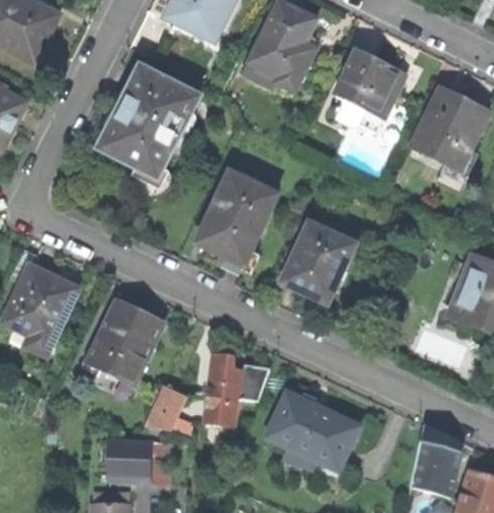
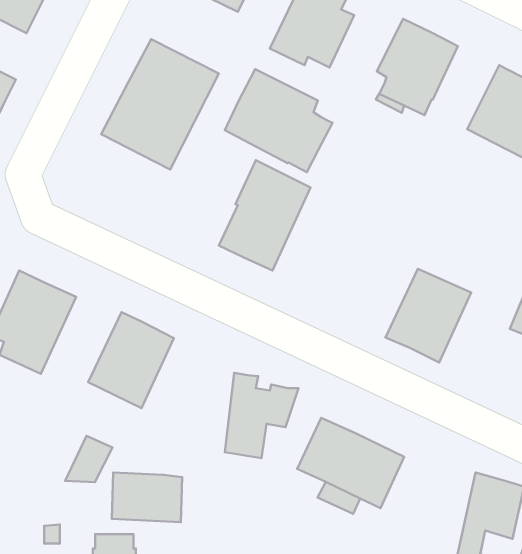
building: none -> [225,69,332,172]
building: [283,223,356,304] -> [386,269,471,363]
building: [145,386,185,425] -> [65,436,113,482]

